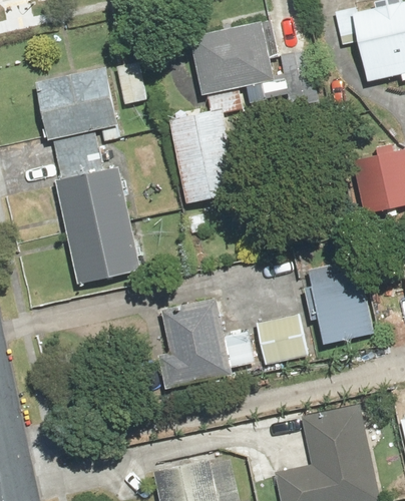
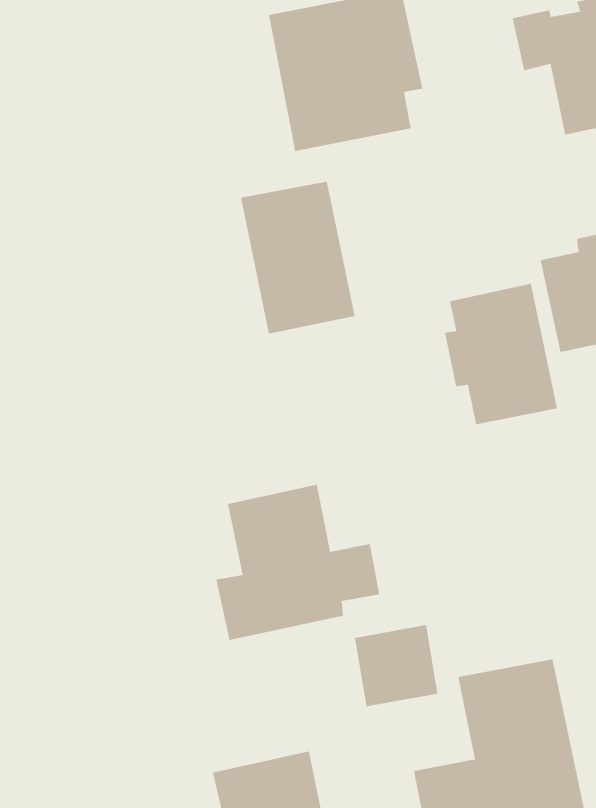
building: [35,68,142,287] -> none
building: [305,259,374,345] -> [444,283,558,425]
building: [258,316,309,366] -> [354,625,438,707]

